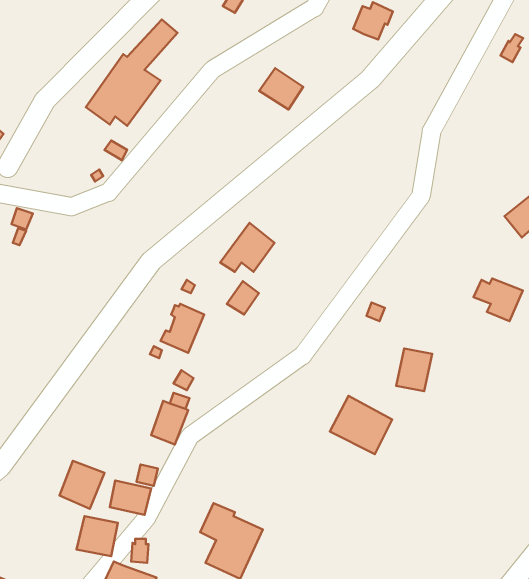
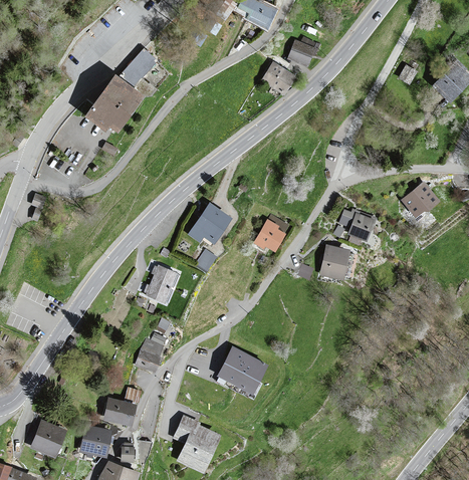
building: [259,68,303,109] -> [261,62,294,93]
building: none -> [253,219,284,251]
building: [474,279,523,321] -> [338,209,376,241]
building: [396,349,432,391] -> [321,246,348,278]
building: [330,396,392,454] -> [219,348,266,393]
building: [59,461,105,509] -> [31,421,65,457]

